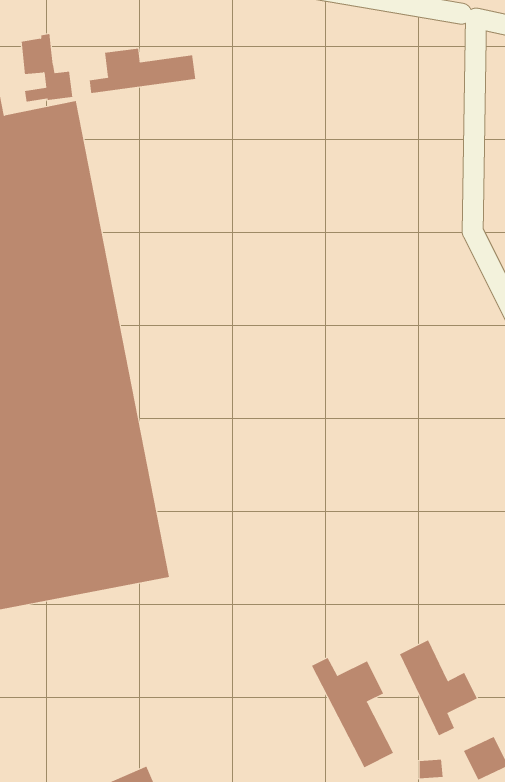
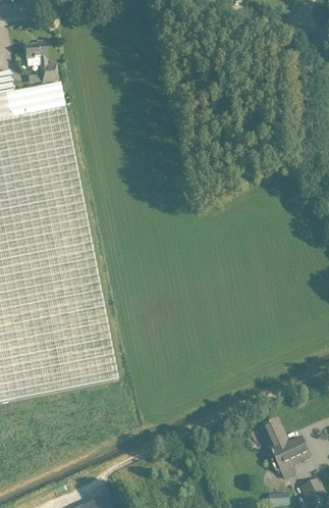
building: [89,48,196,94] -> none
building: [311,657,394,768] -> none

